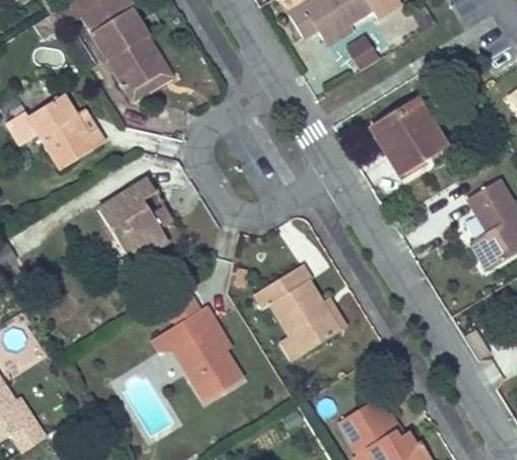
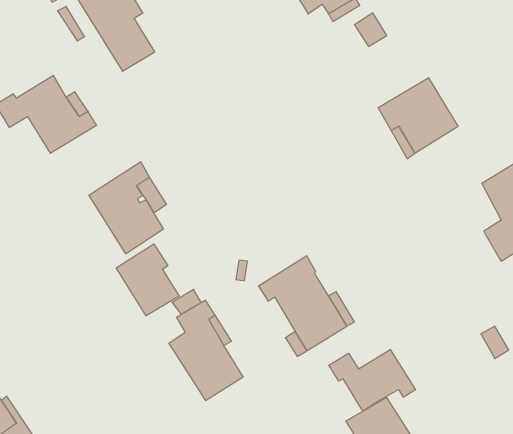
building: [129,37,173,100] -> none
building: none -> [116,244,179,316]
building: none -> [329,349,416,411]

